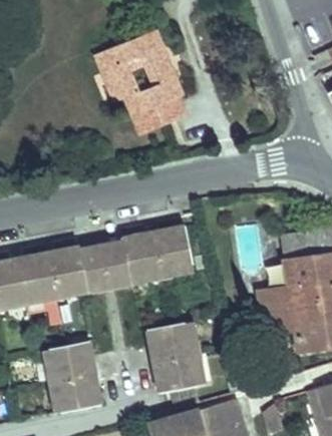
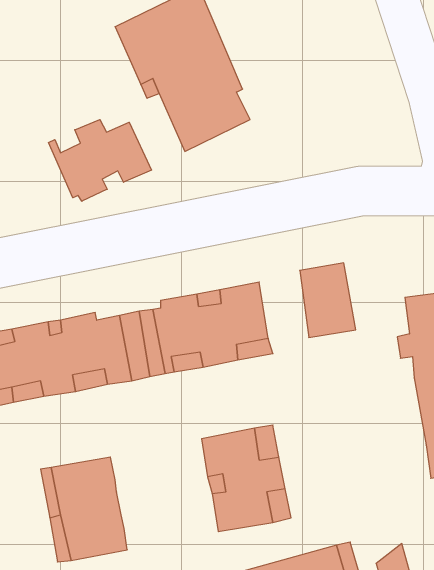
building: none -> [48,120,152,201]
building: [260,289,297,338] -> [300,263,356,337]

